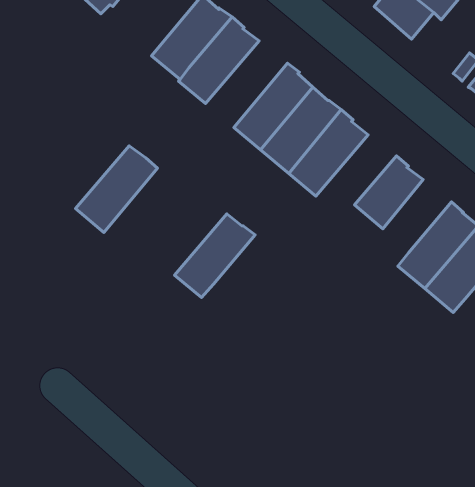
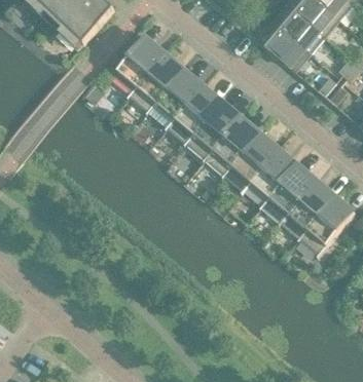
building: [76,146,158,232] -> [147,67,204,126]
building: none -> [261,162,317,222]
building: [175,214,255,298] -> [223,131,279,189]

